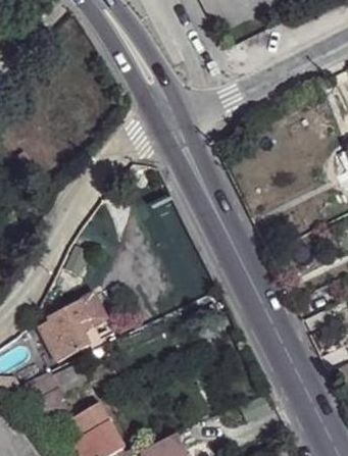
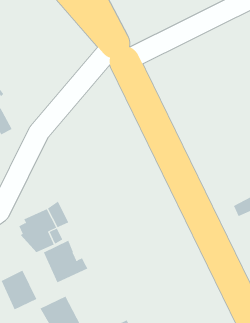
building: none -> [43,240,88,283]

